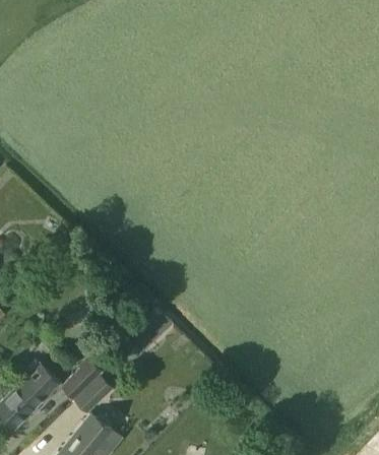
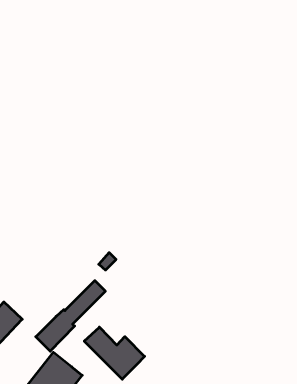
building: [61,359,103,399] -> none
building: none -> [84,327,145,379]

